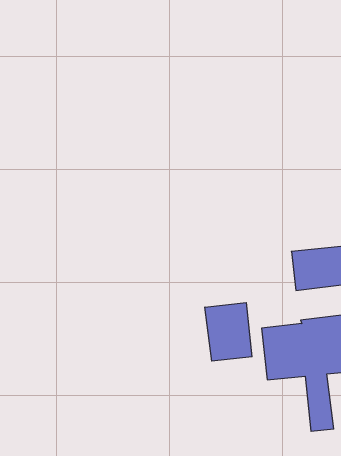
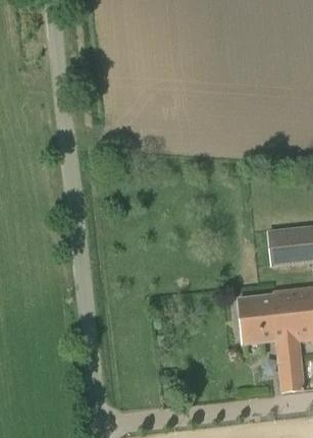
building: [205,303,252,361] -> none

